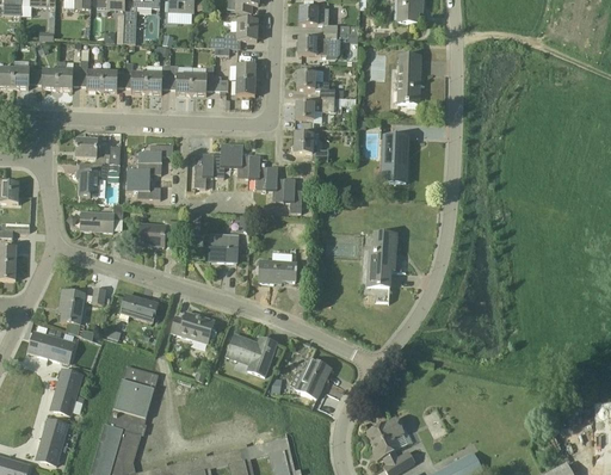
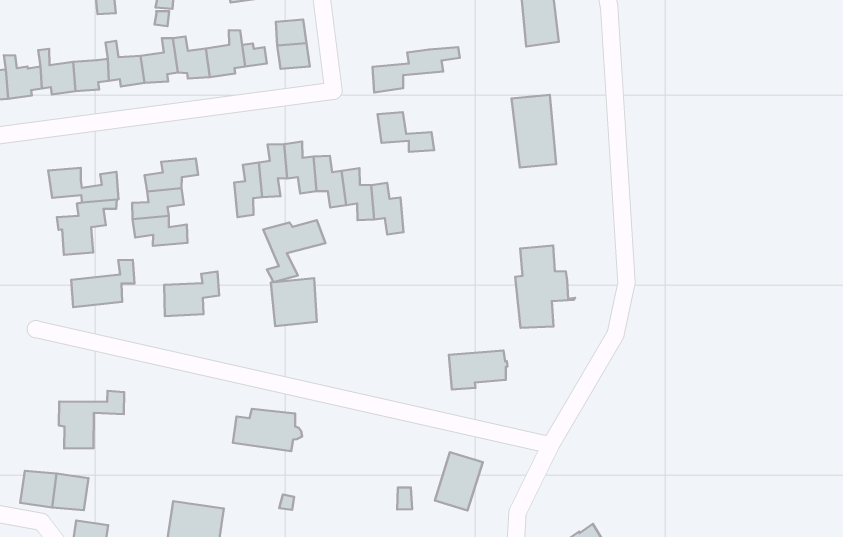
building: [296,72,335,95] -> none
building: none -> [263,220,326,282]
building: [259,259,297,283] -> [449,351,508,389]
building: [119,292,158,321] -> none
building: [226,333,277,375] -> none

